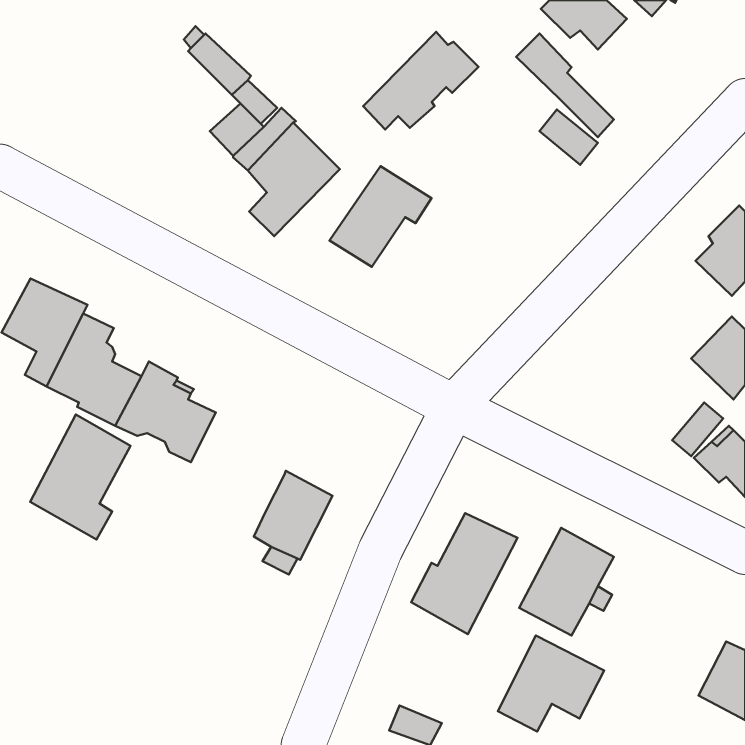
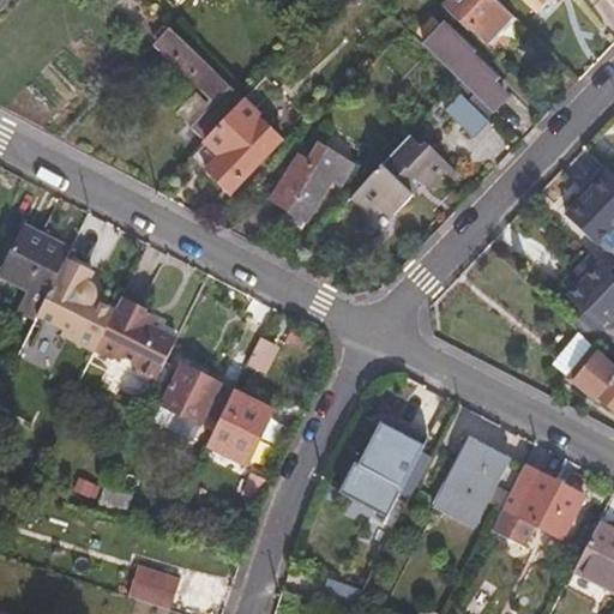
building: [363,32,478,129] -> [350,133,445,213]
building: [30,414,130,540] -> none
building: none -> [163,365,234,421]
building: [498,635,604,732] -> [493,468,580,547]
building: none -> [130,561,181,607]

